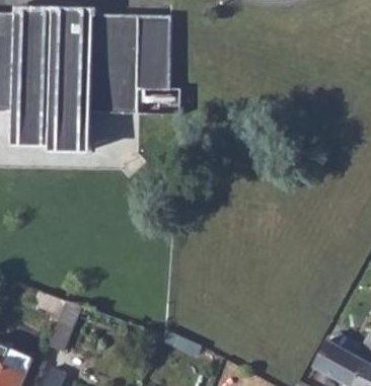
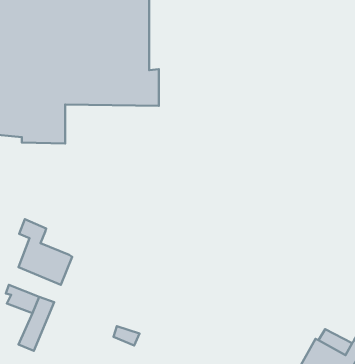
building: none -> [19,219,72,285]

